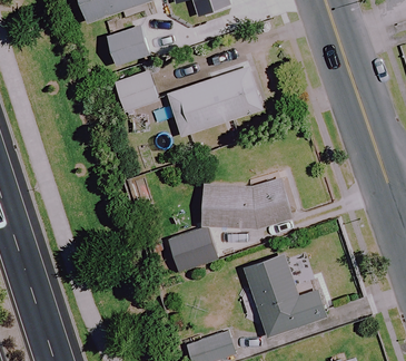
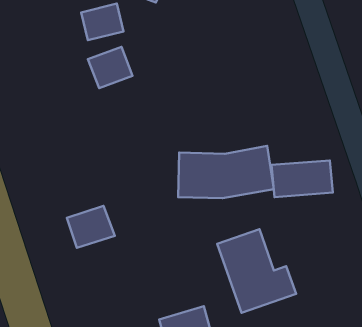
building: [167,66,263,137] -> none
building: none -> [271,160,333,197]
building: [170,223,218,265] -> [67,206,115,248]

